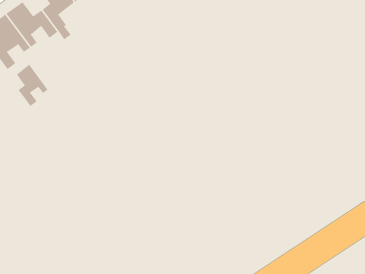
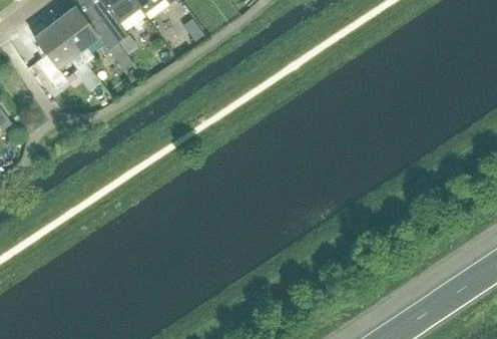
building: [16,64,48,107] -> none

